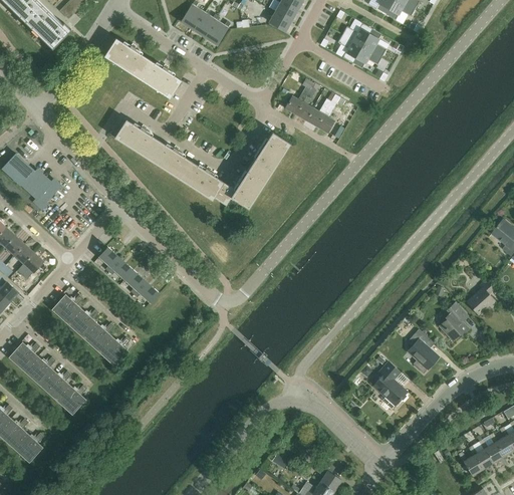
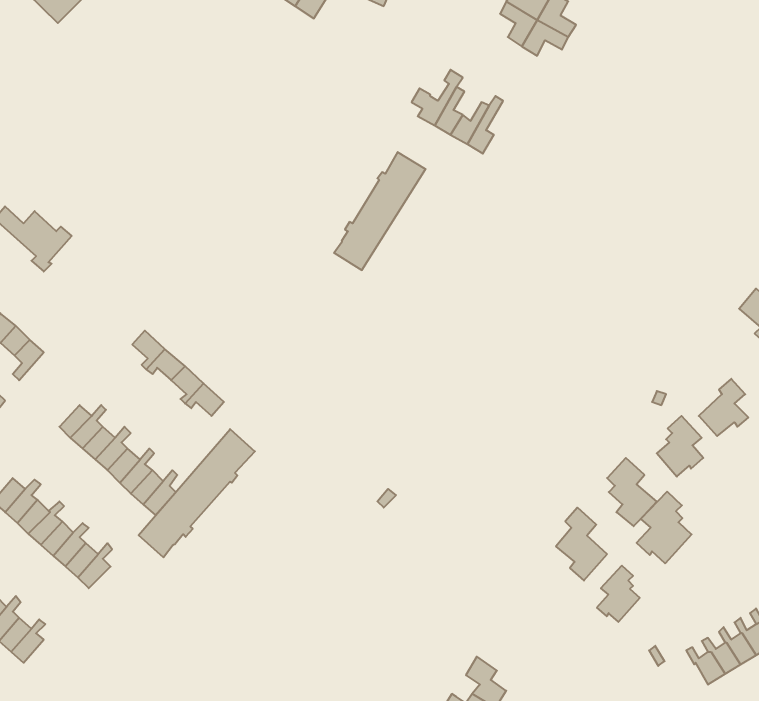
building: [103,38,181,97] -> none
building: [114,118,235,205] -> none
building: none -> [139,429,255,557]
building: none -> [637,492,692,563]
building: none -> [597,566,640,622]

